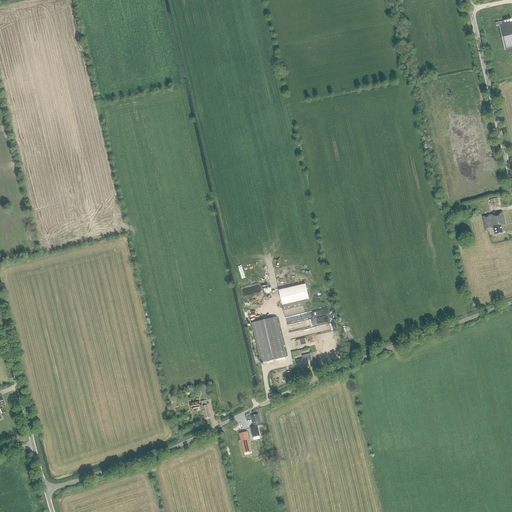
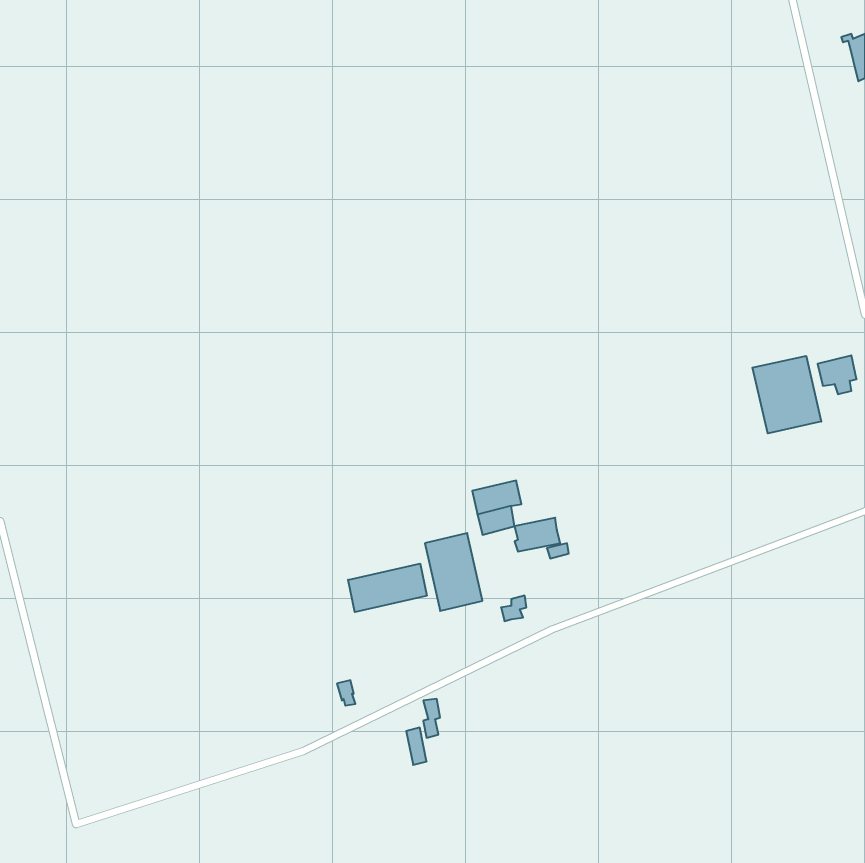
building: none -> [752,356,821,433]
building: none -> [348,564,427,612]

